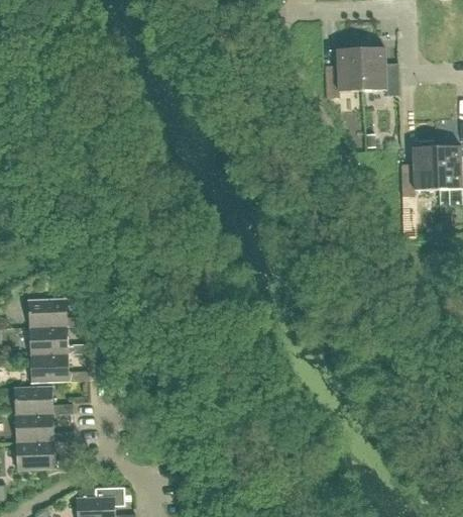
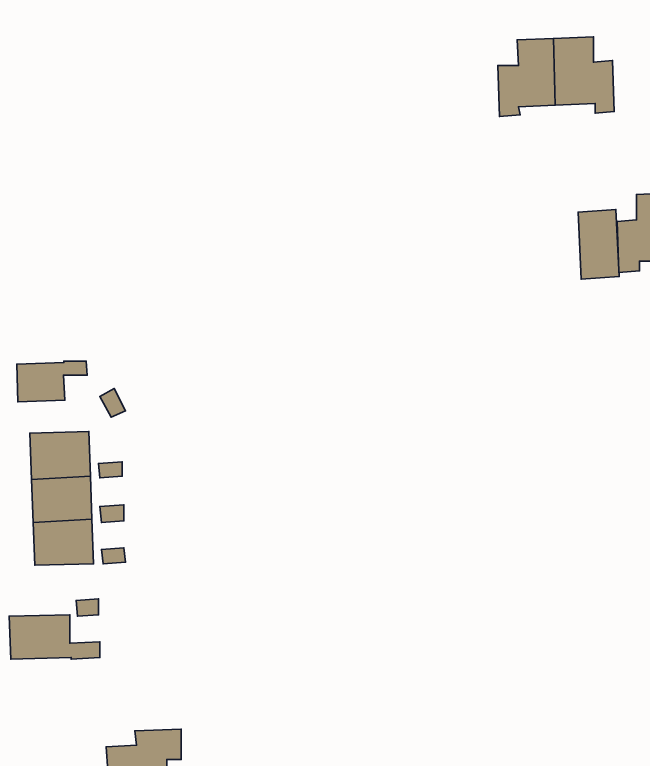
building: none -> [578,210,619,279]
building: none -> [17,361,87,402]
building: [14,385,53,414] -> none
building: [16,440,74,470] -> none

